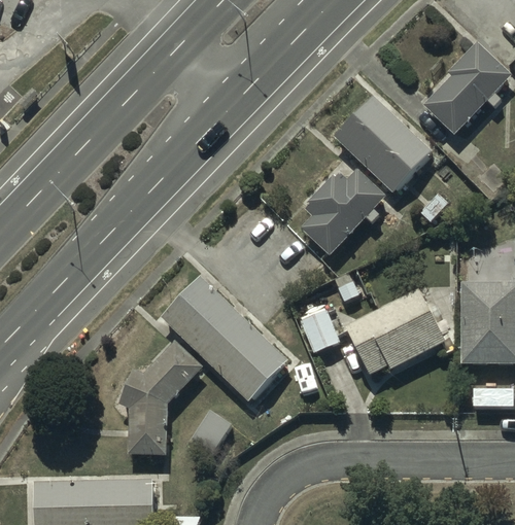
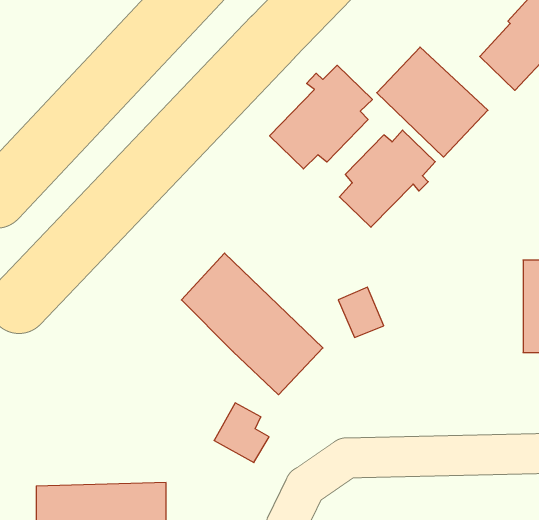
building: none -> [270,65,372,169]
building: [346,289,446,376] -> none
building: [118,341,202,453] -> none

